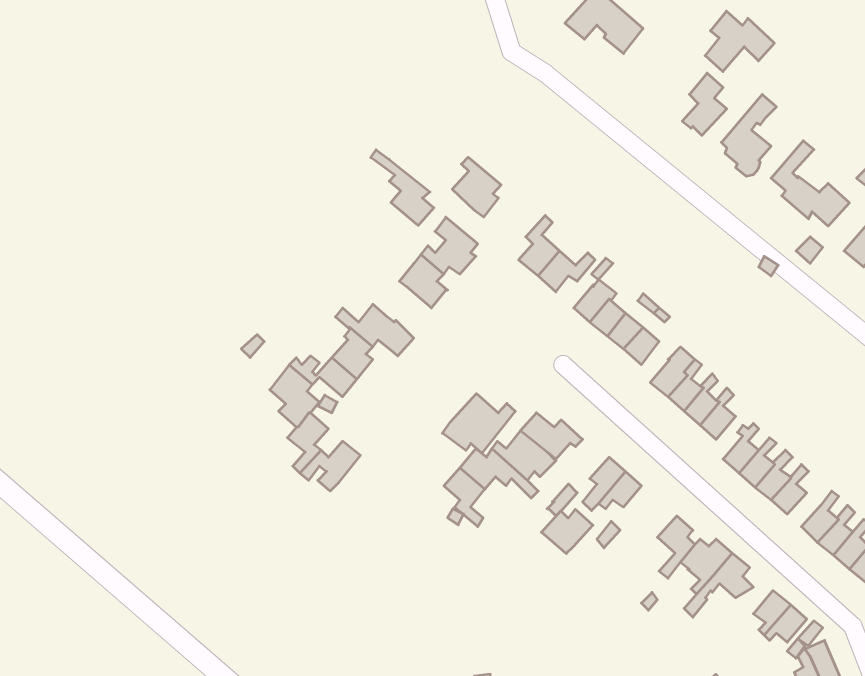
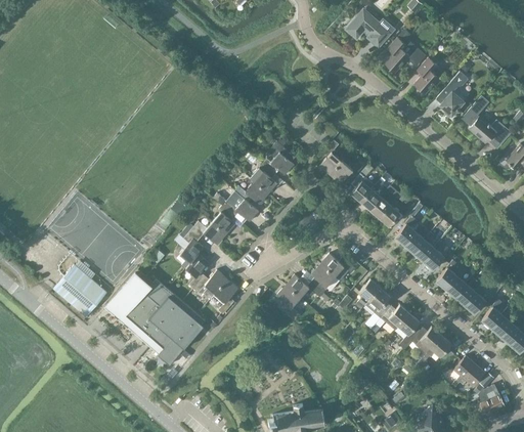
building: [705,11,774,72] -> [385,38,425,73]
building: [371,150,434,225] -> none
building: [452,157,501,217] -> none
building: none -> [235,181,269,204]
building: [442,394,515,453] -> none
building: none -> [54,264,108,316]
building: none -> [107,272,206,365]
building: none -> [216,278,238,314]
building: [541,509,593,554] -> [381,304,410,330]

